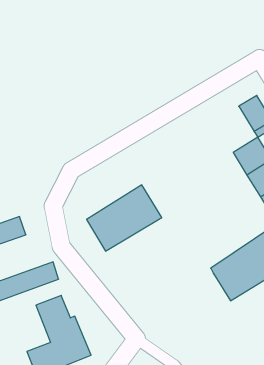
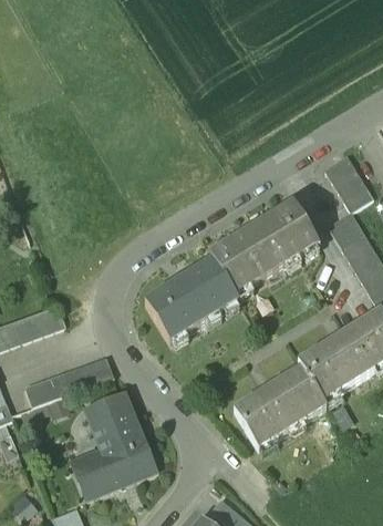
building: none -> [208,207,315,297]
building: none -> [231,371,323,452]

